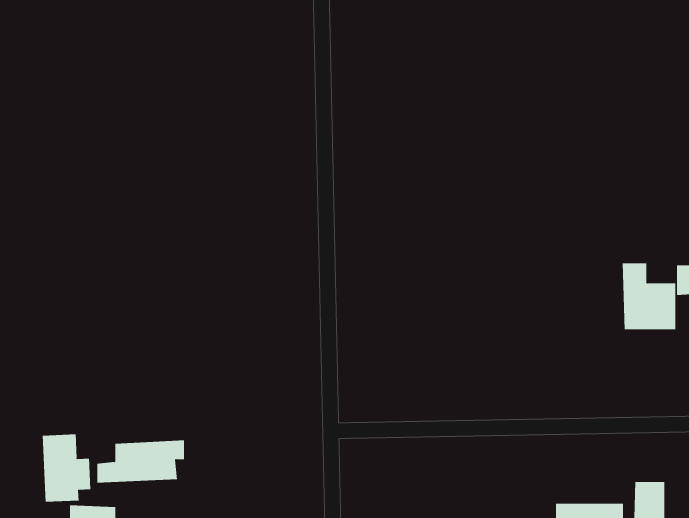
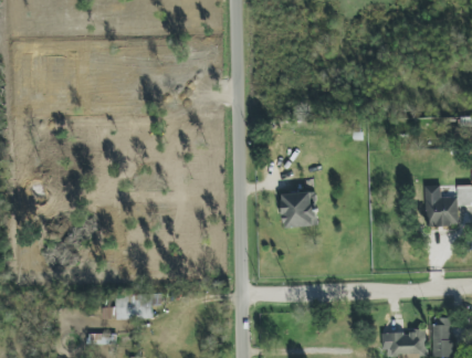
building: none -> [283,192,318,227]
building: [42,434,91,503] -> none

